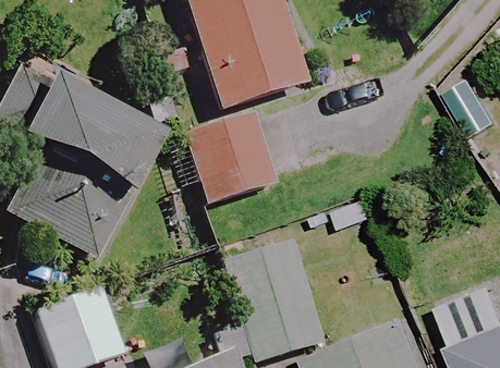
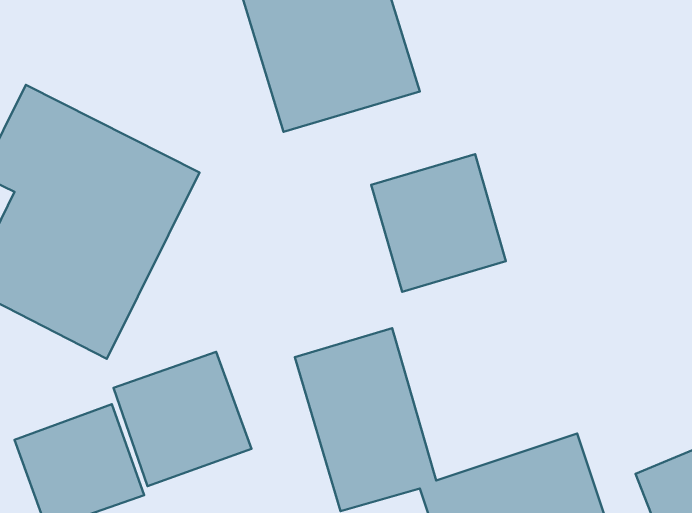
building: [184,110,275,203] -> [371,154,506,292]
building: none -> [114,352,251,486]

